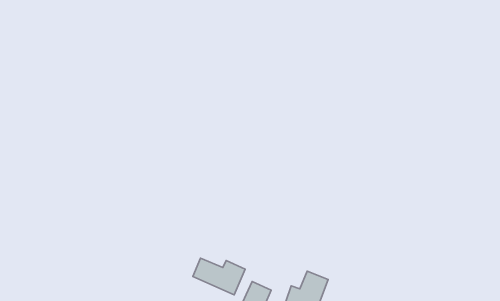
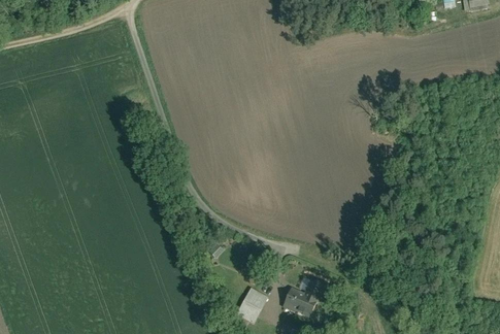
building: [193,258,245,295] -> none

